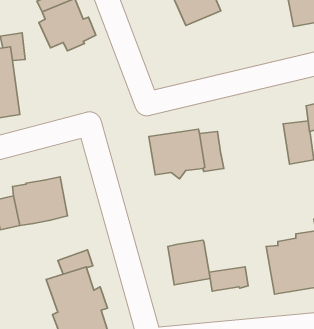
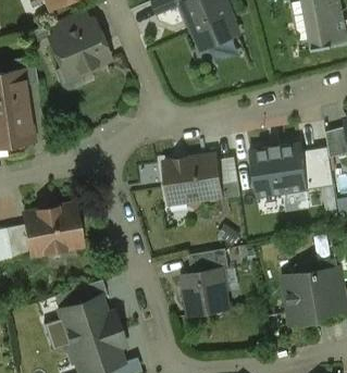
building: none -> [251,144,309,199]
building: [209,267,248,291] -> [189,249,230,274]

